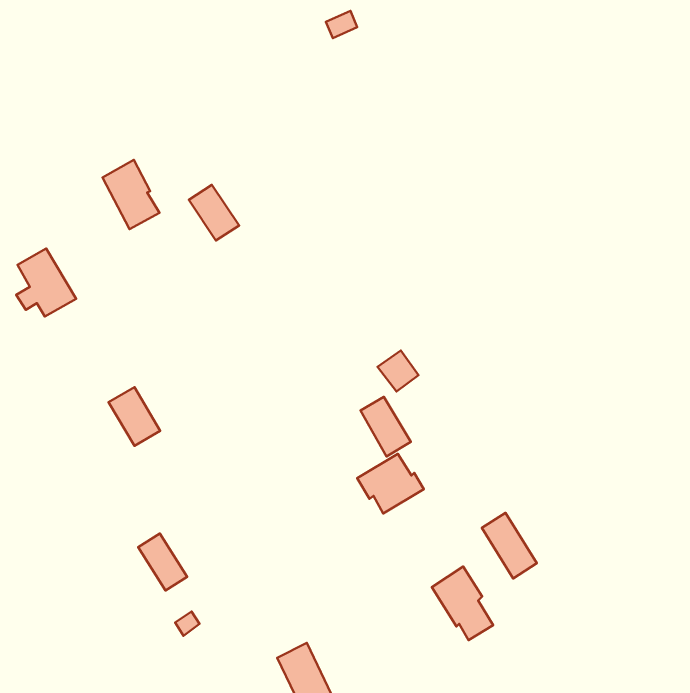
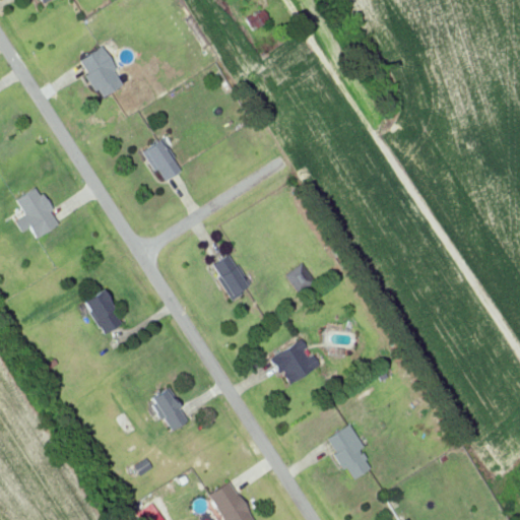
building: [102,160,160,229] -> [80,47,123,99]
building: [361,397,411,457] -> [212,254,250,299]
building: [482,513,537,578] -> none
building: [138,533,187,591] -> [151,388,188,431]

